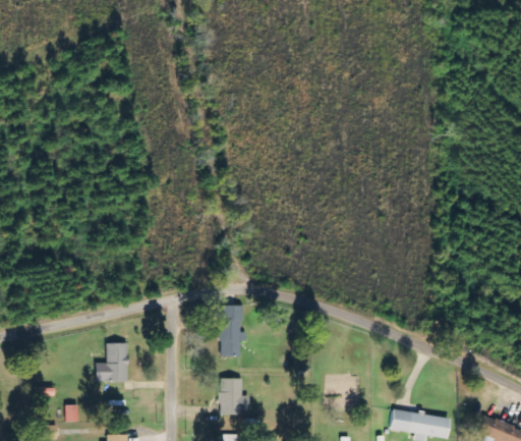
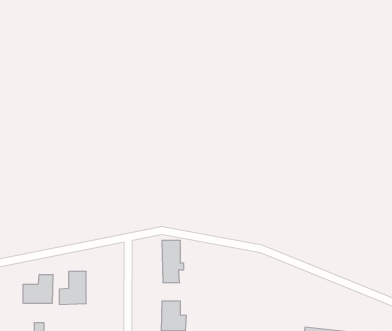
building: none -> [23,274,53,303]

